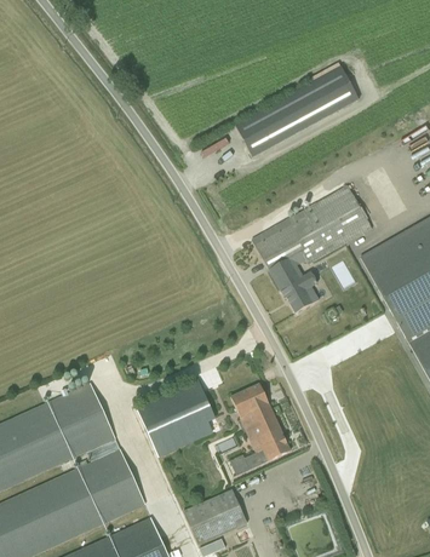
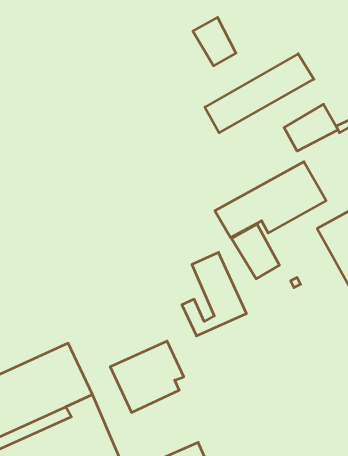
building: none -> [193,17,236,66]
building: none -> [284,104,338,151]
building: [219,384,289,475] -> [182,252,246,336]

